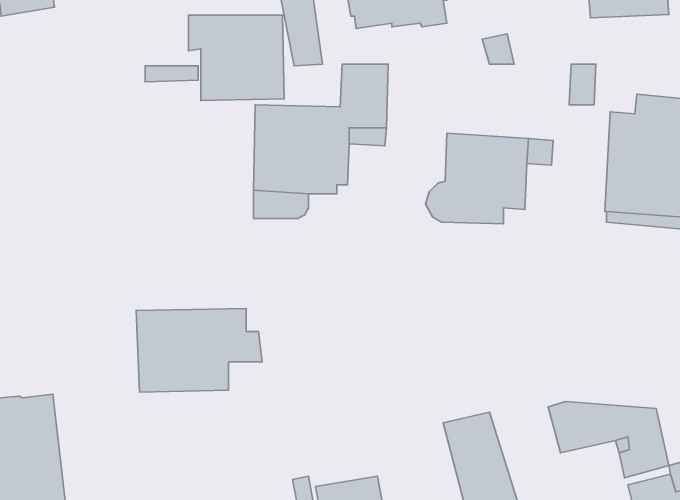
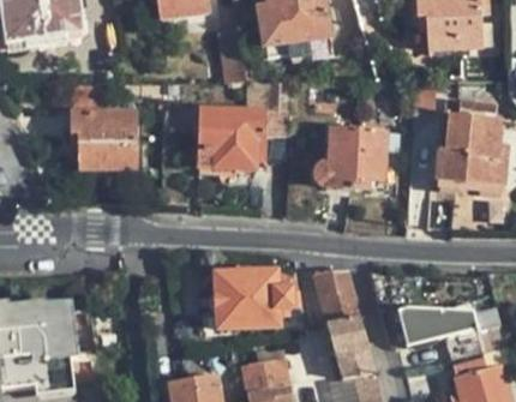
building: [188,15,284,100] -> [71,109,136,167]
building: [136,309,262,392] -> [216,270,301,326]
building: none -> [313,269,359,322]

